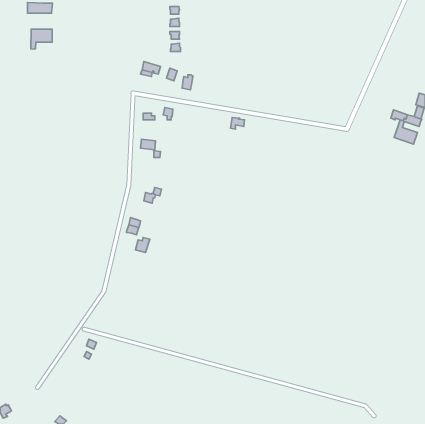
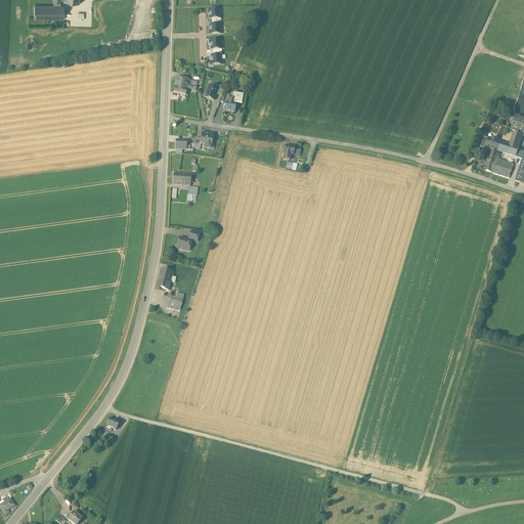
building: [31,29,52,49] -> none

